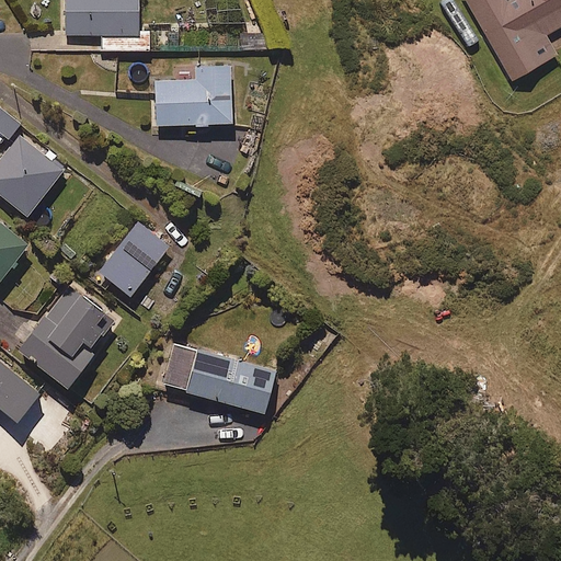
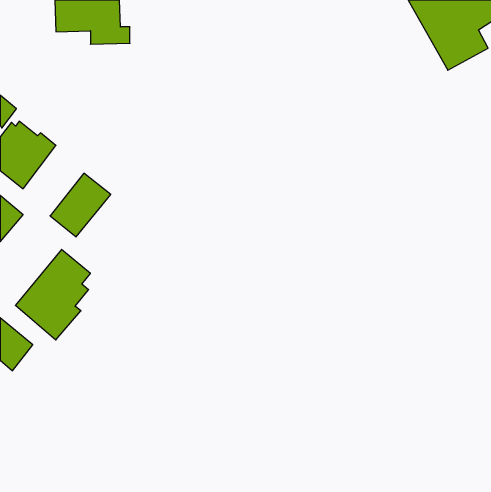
building: [154,66,230,125] -> none
building: [100,222,169,295] -> [50,173,111,237]
building: [167,343,277,413] -> none

